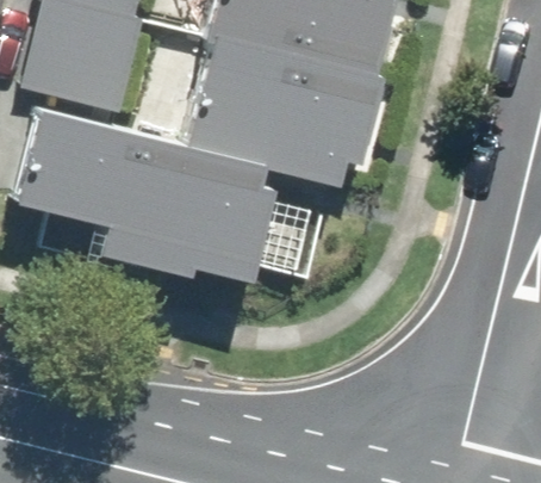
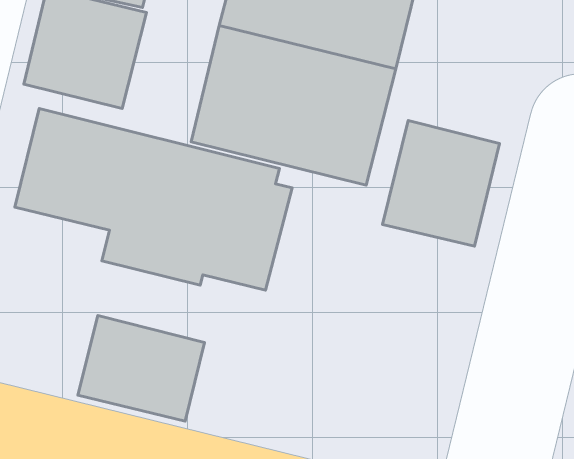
building: none -> [383,120,500,246]
building: none -> [78,316,204,421]

